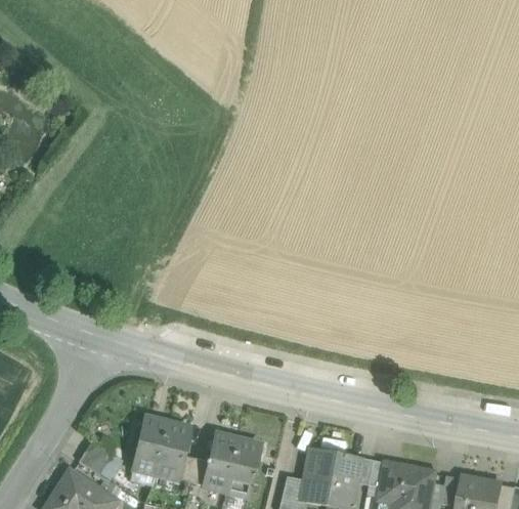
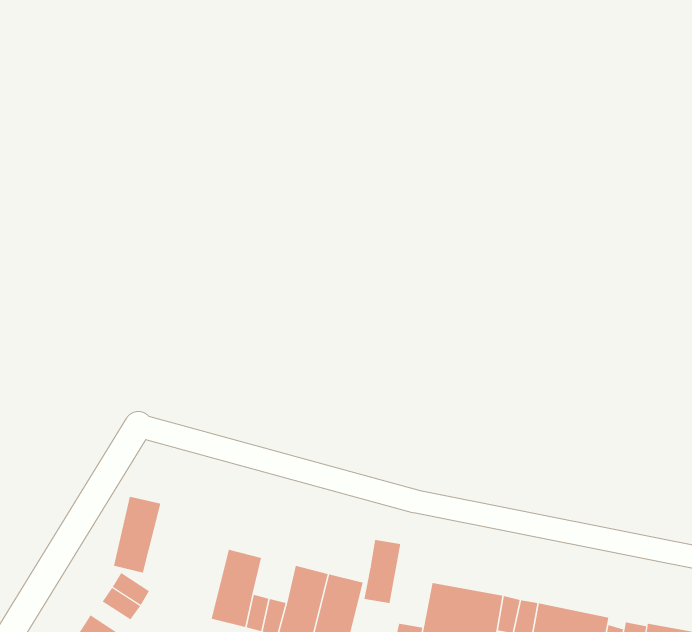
building: none -> [364,539,401,604]
building: [133,420,167,474] -> [113,496,161,573]

